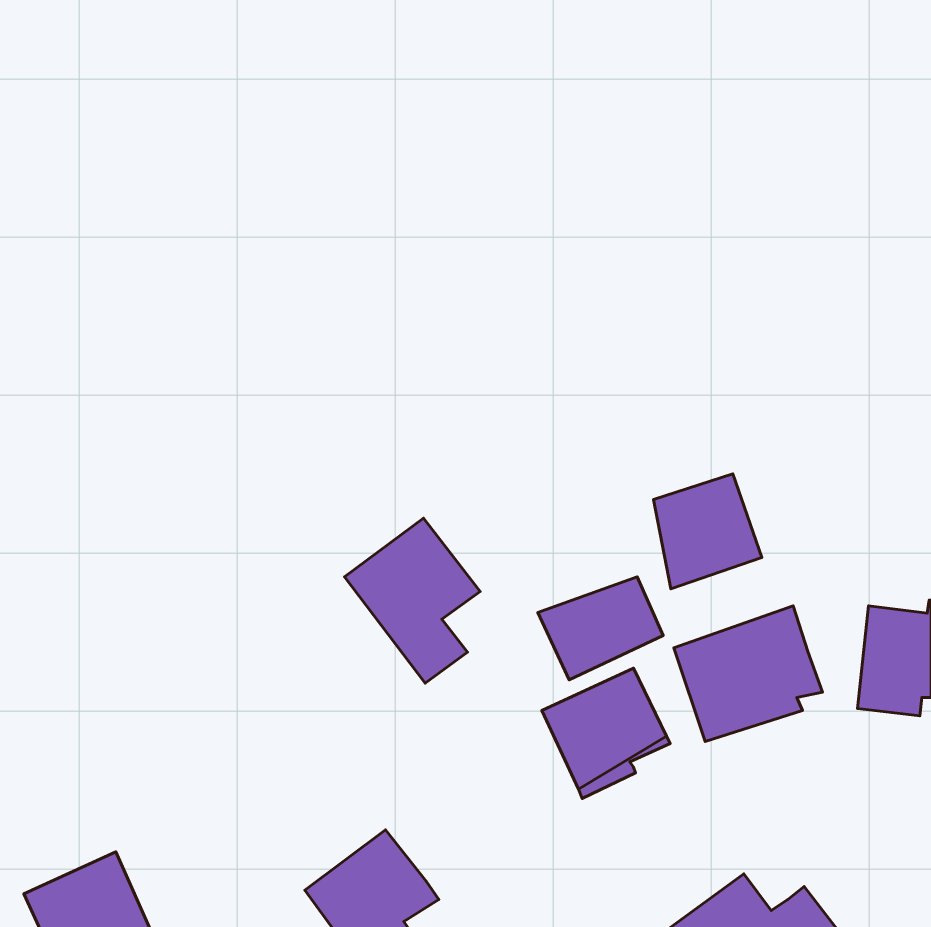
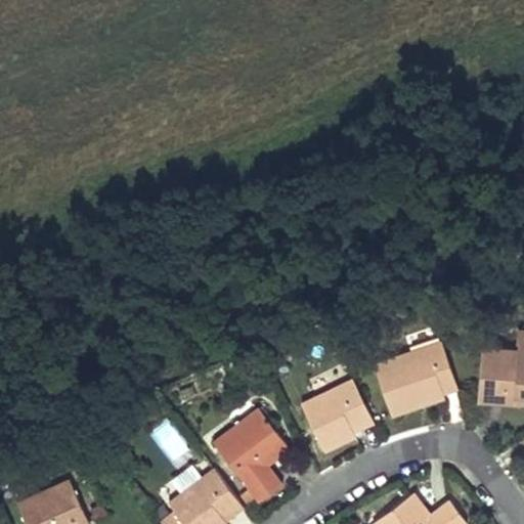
building: [653,474,762,589] -> none
building: [344,518,480,683] -> [214,408,290,500]
building: [538,577,663,680] -> none

